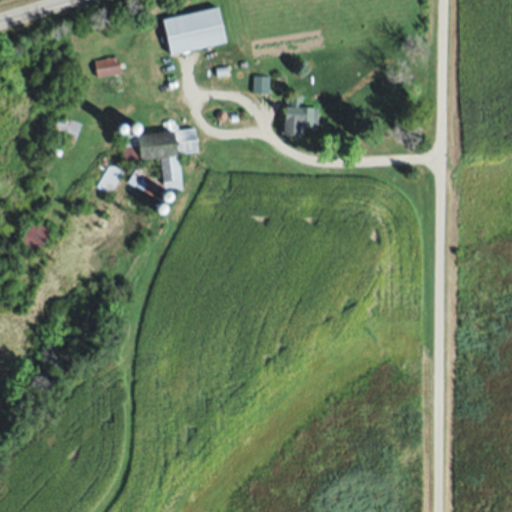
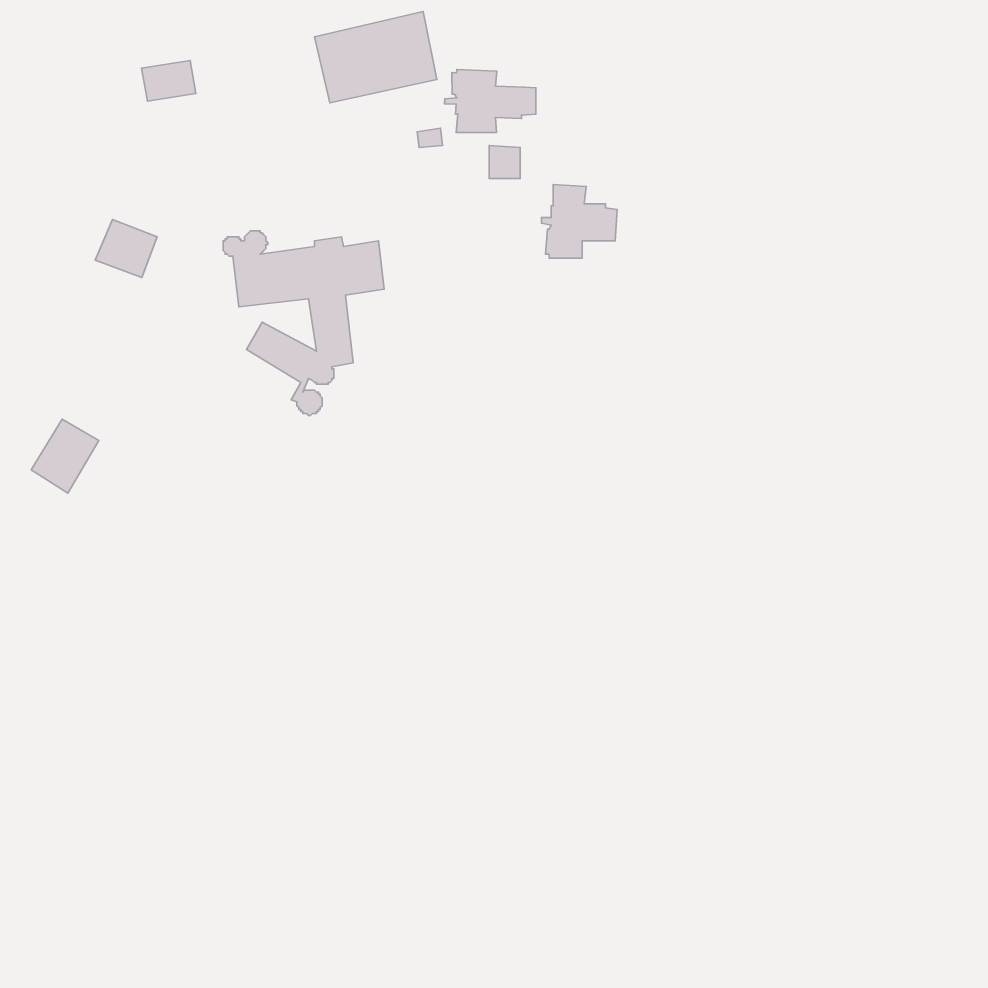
building: none -> [444,70,536,132]
building: [94,57,122,78] -> [142,60,196,101]
building: [97,166,126,196] -> none

